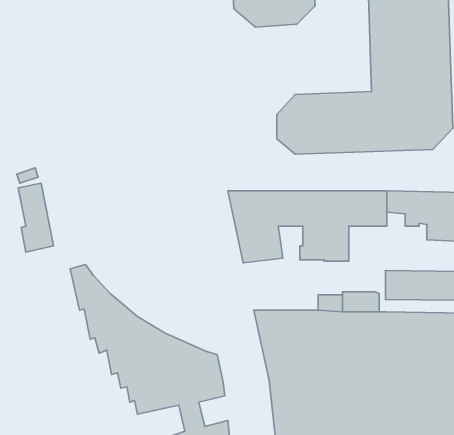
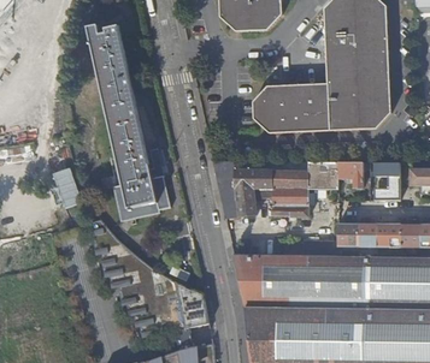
building: none -> [87,24,170,219]

